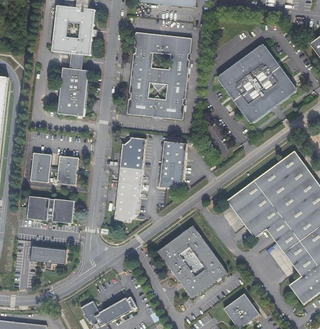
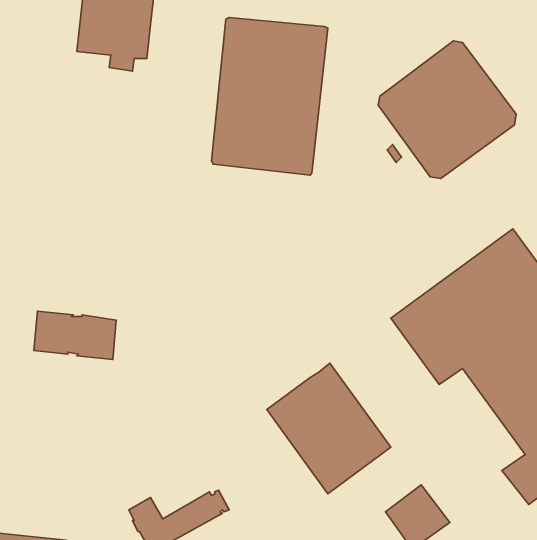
building: [57,60,88,116] -> none
building: [113,137,145,221] -> none
building: [158,141,186,188] -> none
building: [30,152,78,186] -> none
building: [30,245,66,268] -> none

